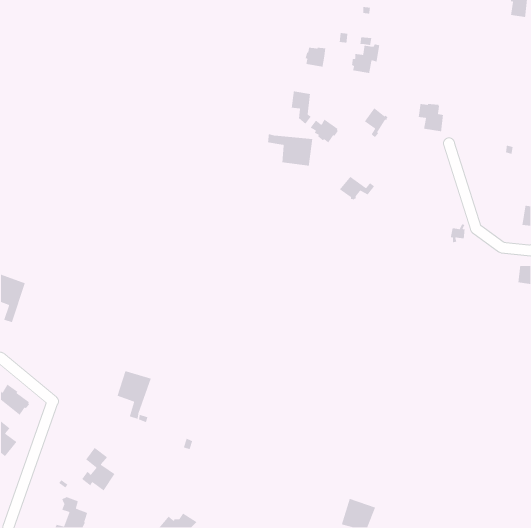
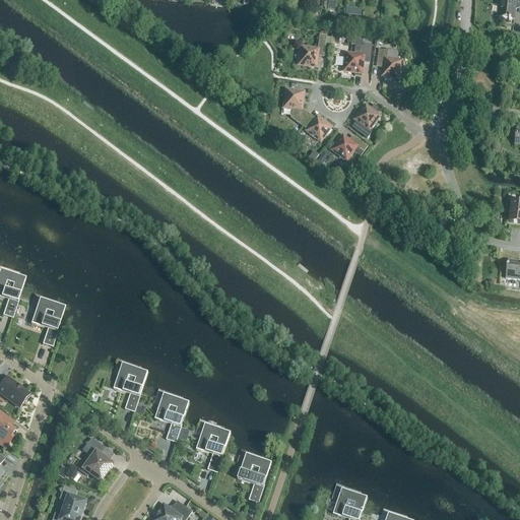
building: [418,103,444,132] -> [377,49,402,77]
building: [267,133,313,166] -> none
building: [339,176,375,201] -> [332,135,368,159]
building: none -> [30,297,65,344]
building: none -> [155,392,190,440]
building: none -> [196,421,231,470]
building: none -> [238,452,272,501]

